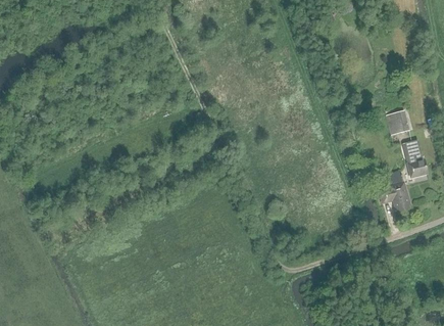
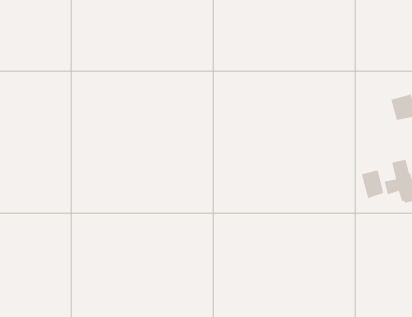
building: none -> [361,170,384,199]

